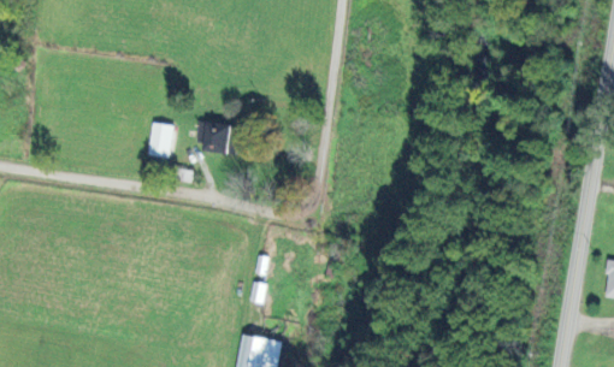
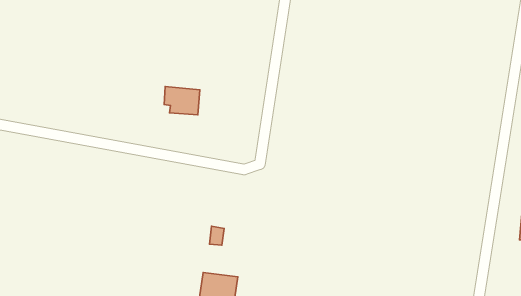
building: [148,123,175,159] -> none

